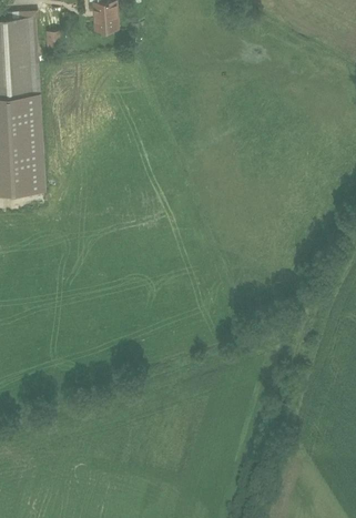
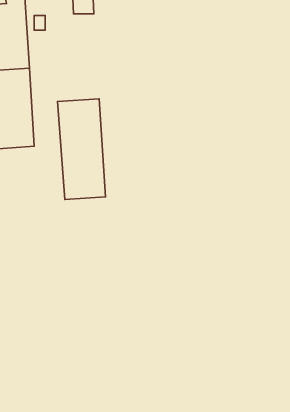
building: none -> [58,99,105,200]

